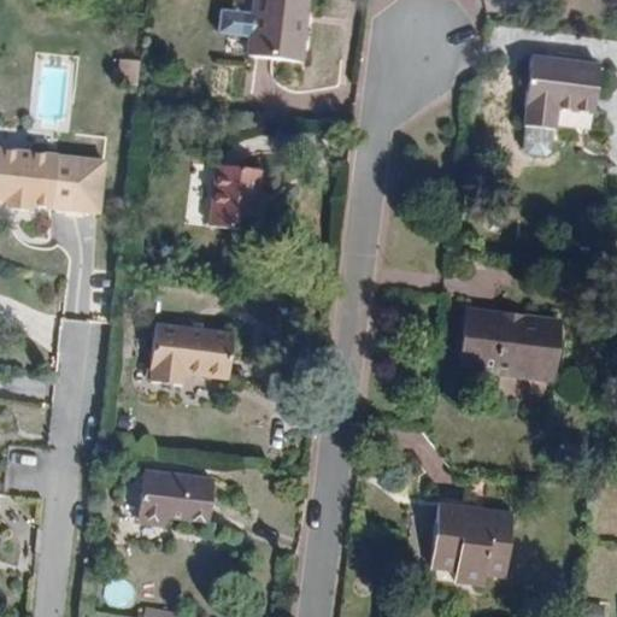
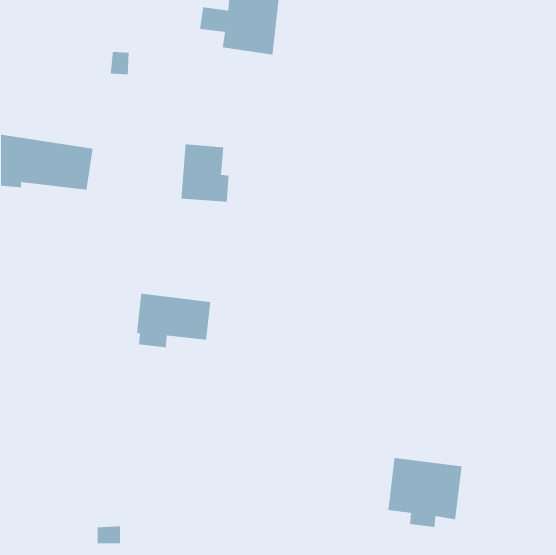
building: [523,53,599,129] -> none
building: [458,306,560,378] -> none
building: [139,469,215,524] -> none

